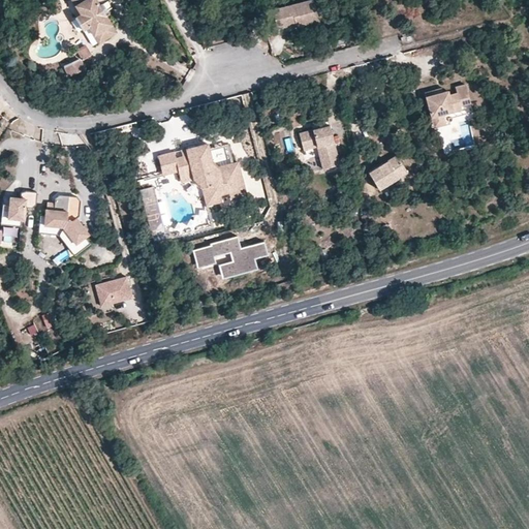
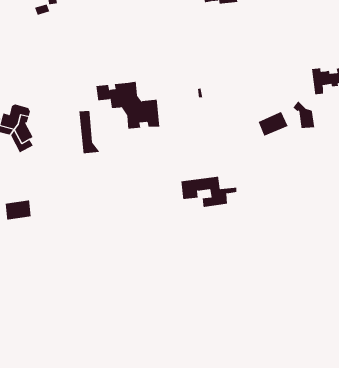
building: [298,123,339,167] -> none
building: none -> [292,101,315,129]
building: [194,237,268,279] -> [180,176,237,207]
building: [95,277,131,307] -> [5,200,32,220]

